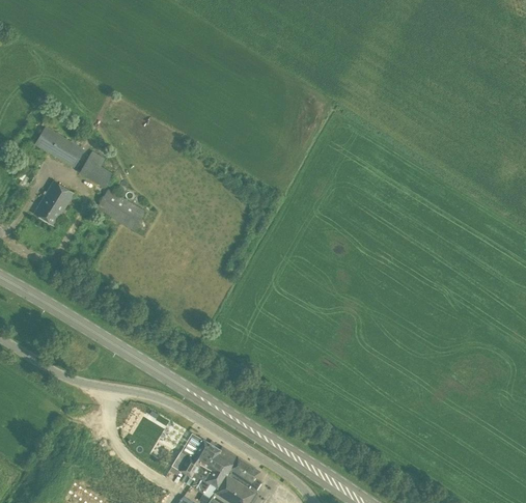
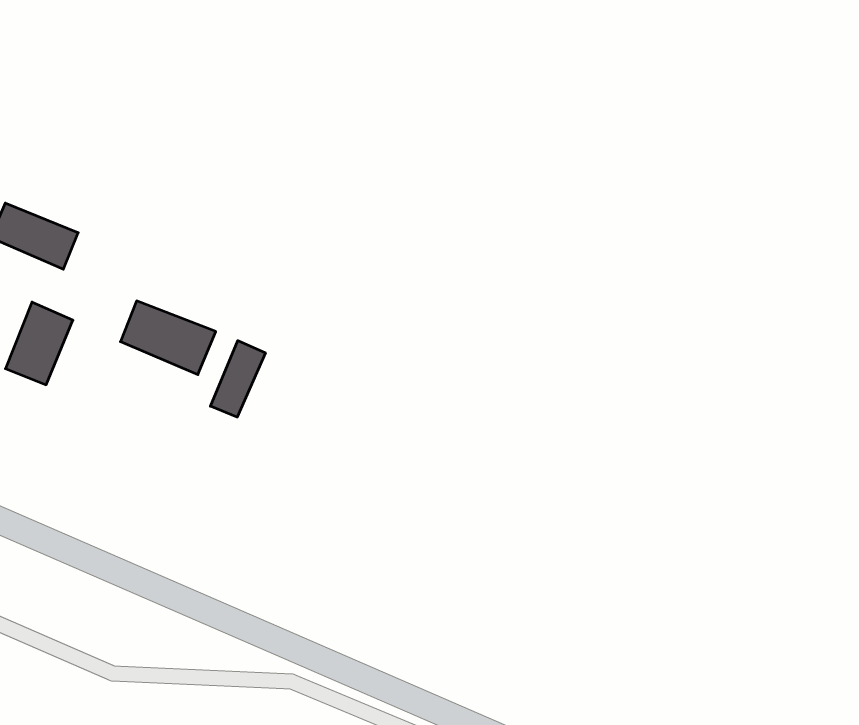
building: [79,150,113,189] -> none
building: none -> [210,341,265,417]

